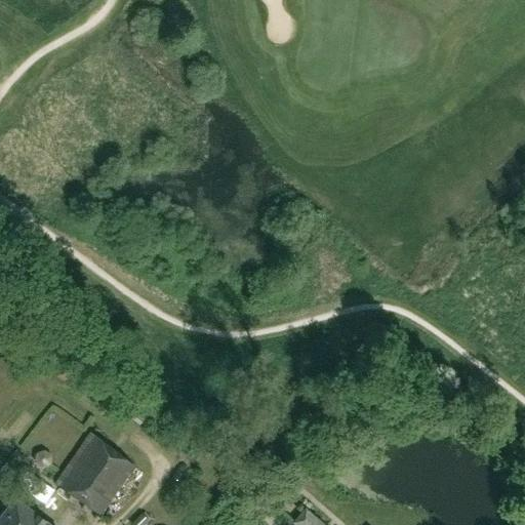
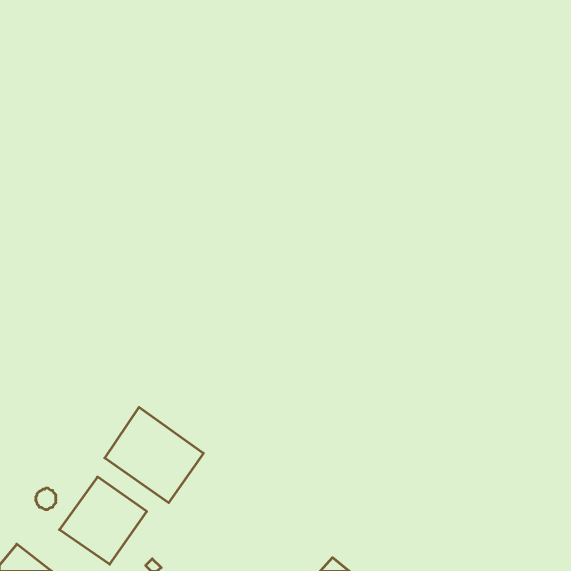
building: none -> [105,407,203,503]

